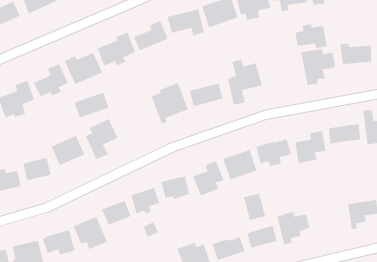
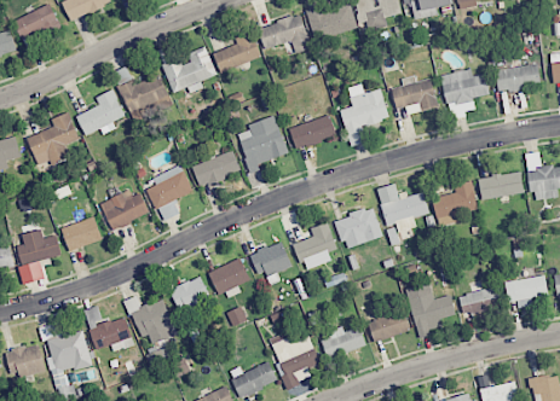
building: [295,24,327,48] -> [392,76,437,110]
building: [74,92,109,118] -> [192,151,241,187]
building: [243,193,266,221] -> none
building: none -> [460,287,502,313]

